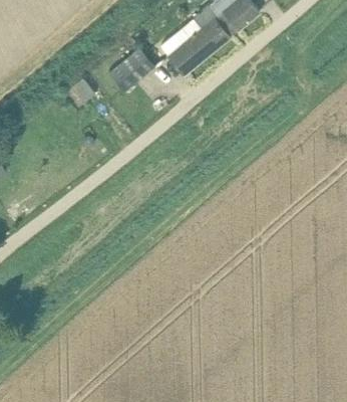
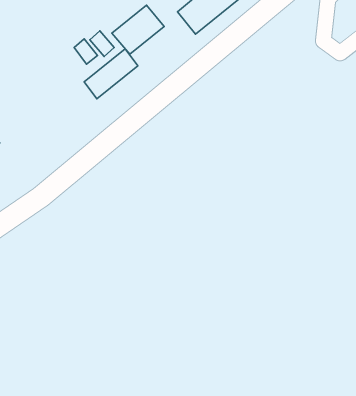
building: none -> [84,49,138,99]

